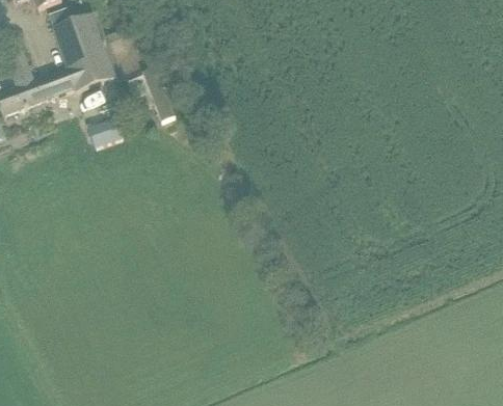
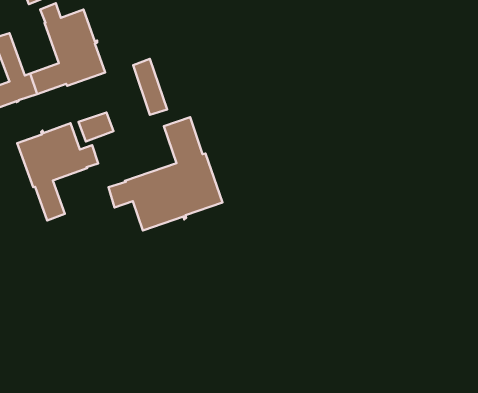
building: none -> [108,117,222,231]
building: none -> [17,123,98,220]

